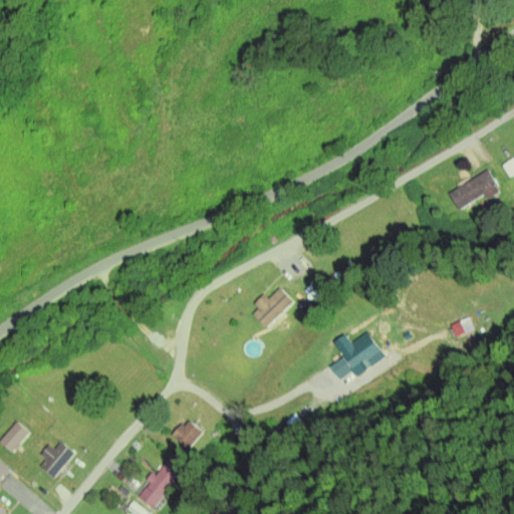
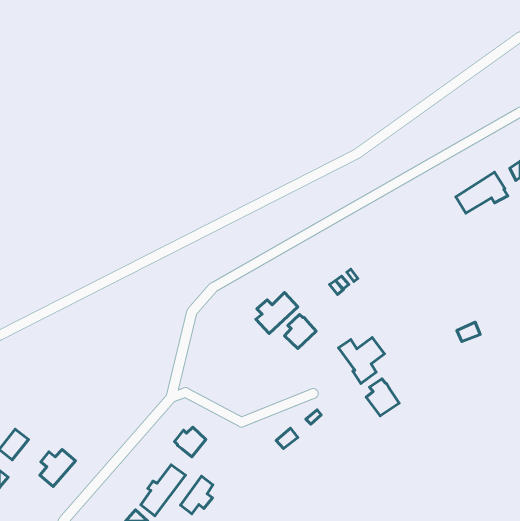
building: none -> [285,315,316,348]
building: none -> [366,379,399,416]
building: none -> [180,476,213,514]

